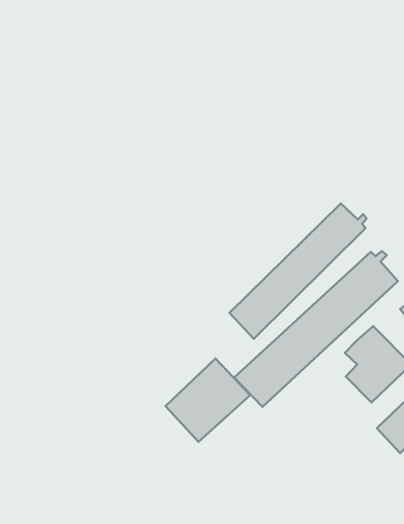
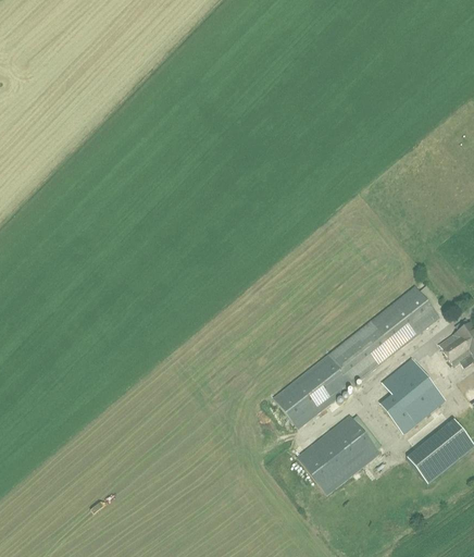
building: [229,203,367,339] -> none
building: [165,358,250,442] -> [297,414,379,494]

